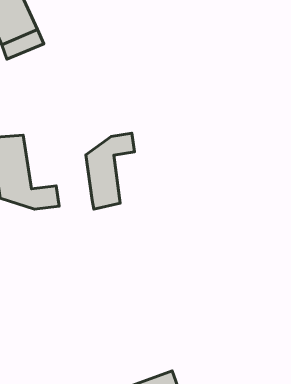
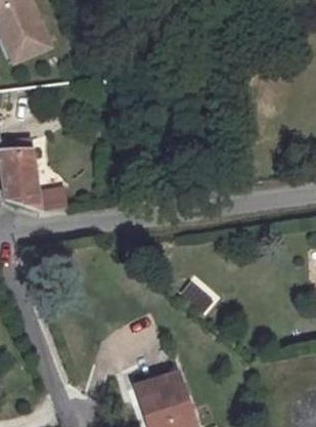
building: [86,133,134,209] -> none

